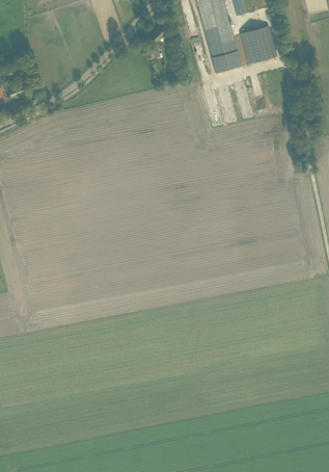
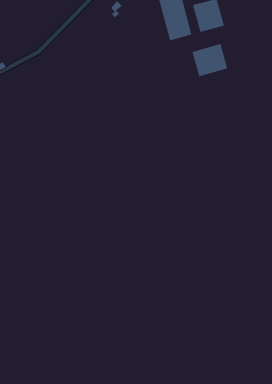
building: none -> [192,43,228,77]

